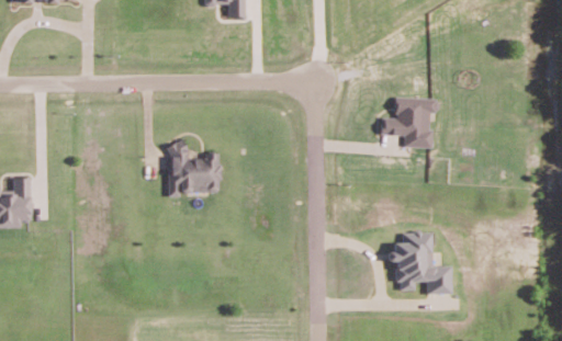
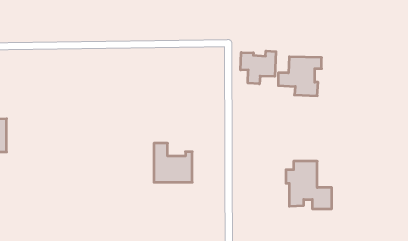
building: none -> [241,51,276,84]
building: [169,143,218,193] -> [154,143,192,182]

